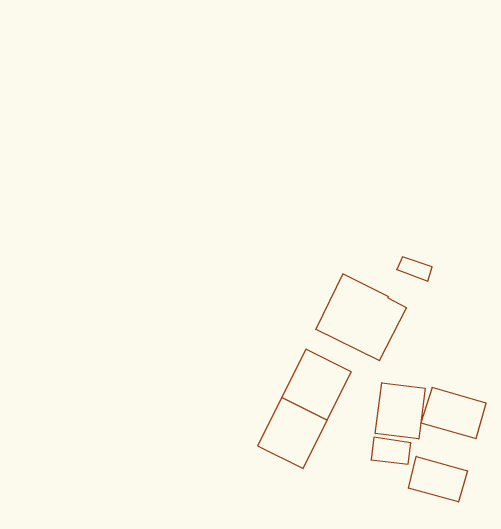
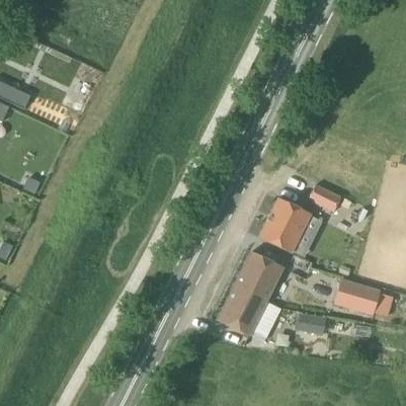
building: [375,383,425,439] -> none
building: [409,456,467,502] -> none

